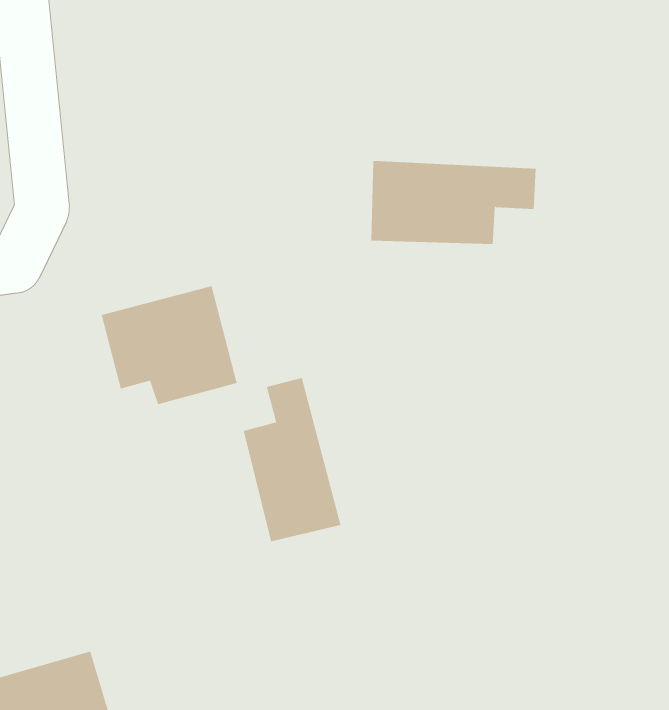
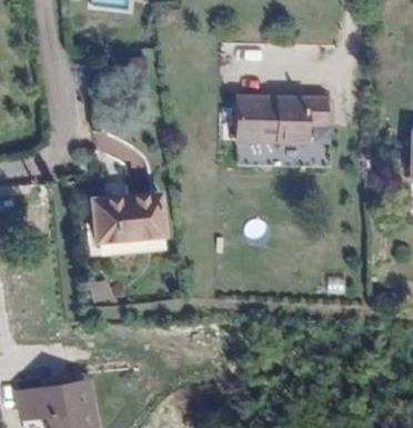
building: [243,377,341,542] -> none

